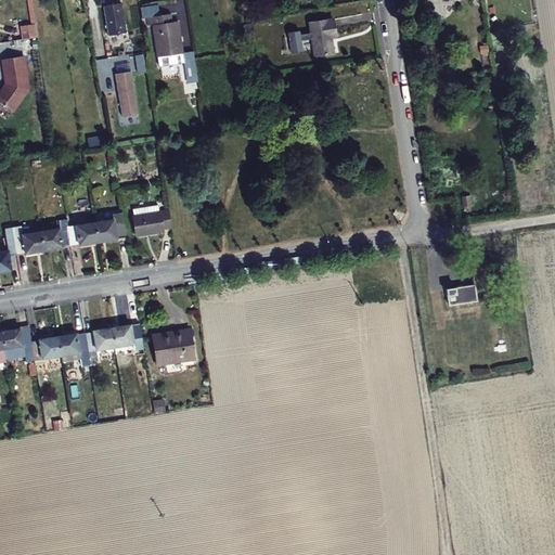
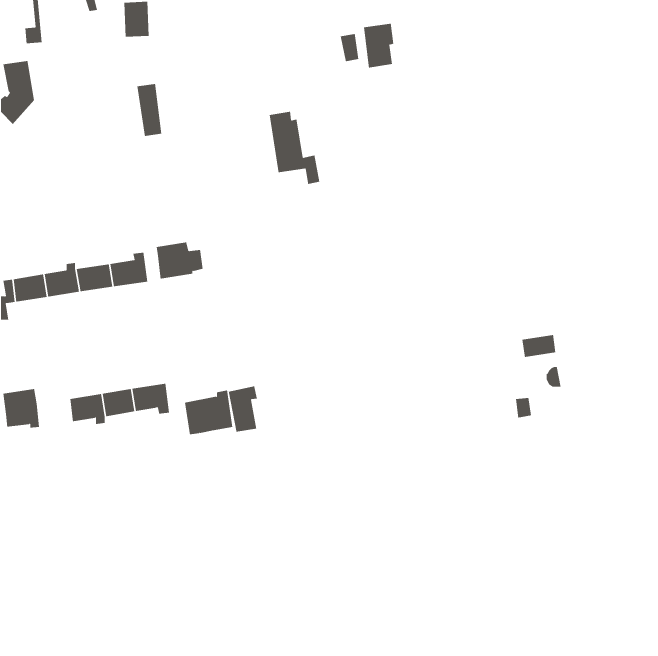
building: [151,11,194,73] -> [269,111,320,184]
building: none -> [228,386,257,433]
building: [31,336,61,360] -> none

